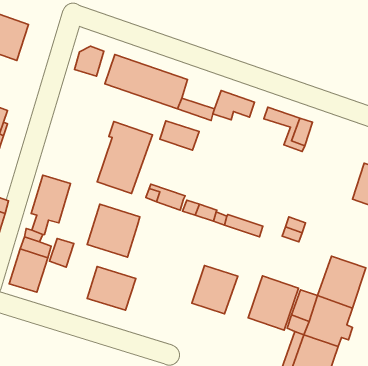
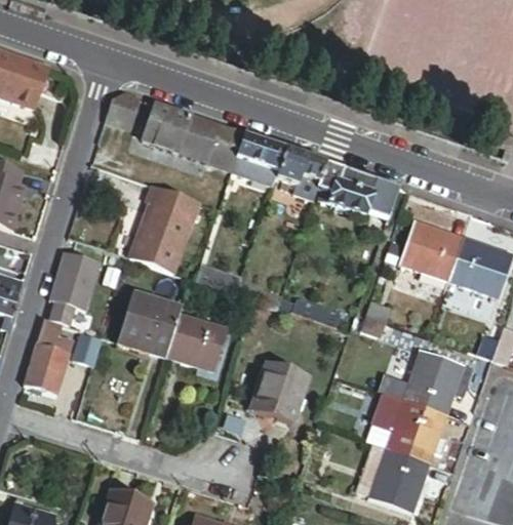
building: none -> [316,162,369,214]
building: [160,121,199,150] -> [236,134,284,170]
building: none -> [397,220,460,281]
building: [87,267,136,310] -> [169,313,229,366]
building: [248,276,298,330] -> none

